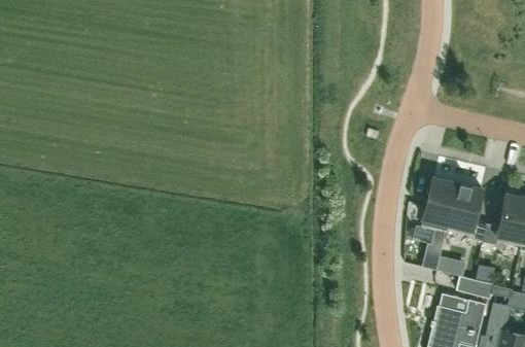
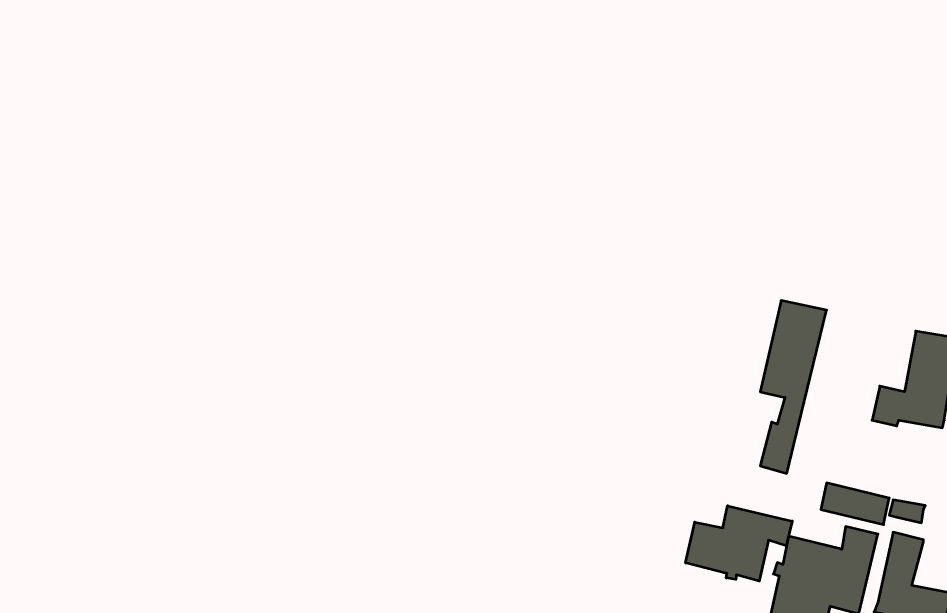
building: [446,181,487,241] -> none
building: none -> [686,506,792,581]

